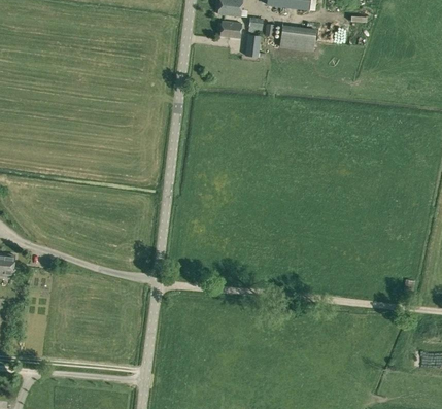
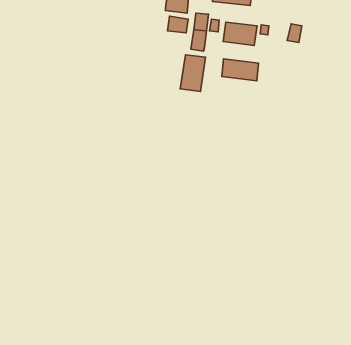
building: none -> [180,55,205,91]
building: none -> [222,59,259,81]

